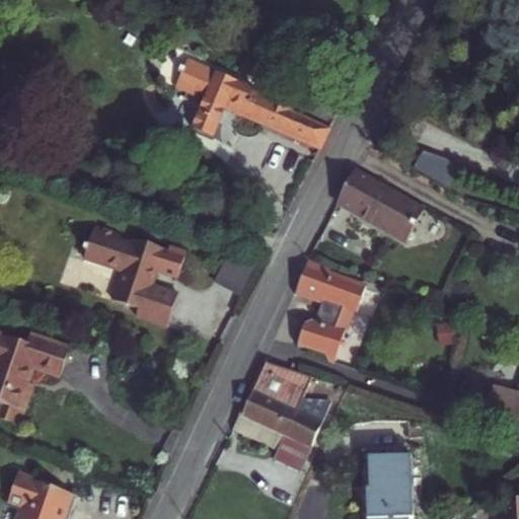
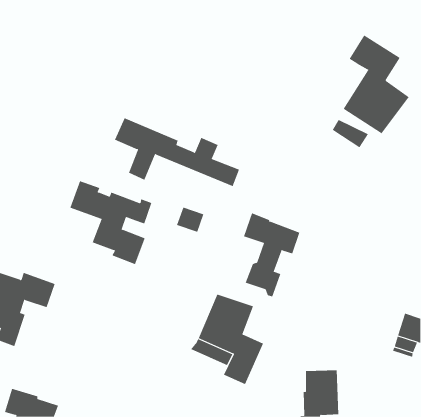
building: none -> [343,35,409,134]
building: [170,64,324,149] -> [114,117,240,187]
building: [337,171,422,241] -> none

